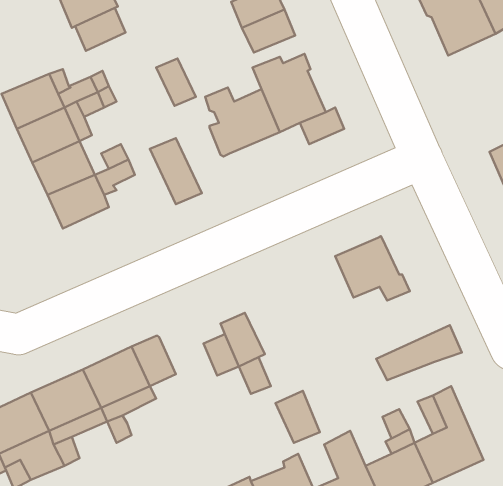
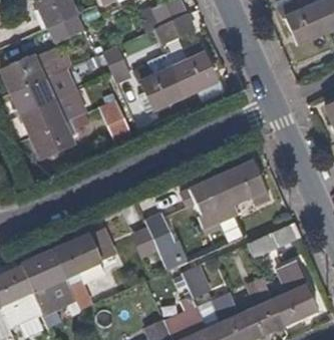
building: none -> [190,176,237,227]

